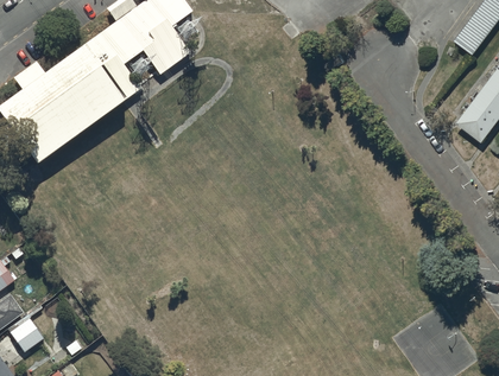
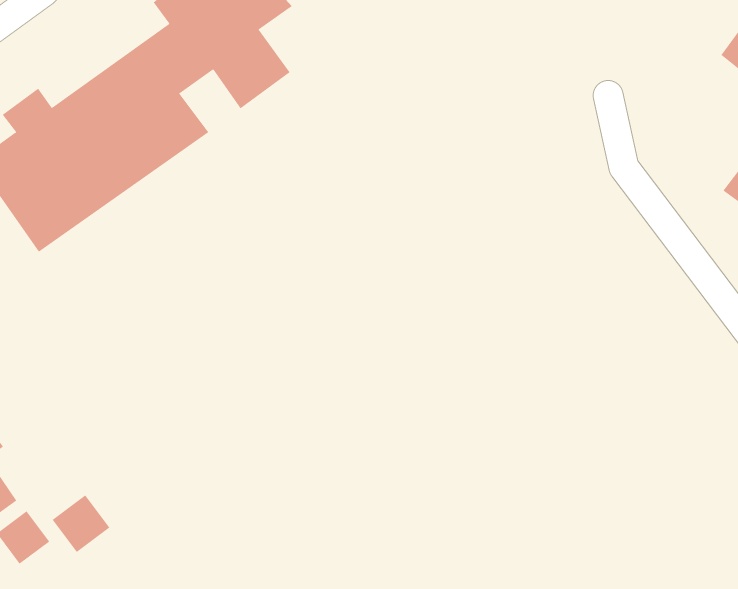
building: none -> [52,495,110,553]

